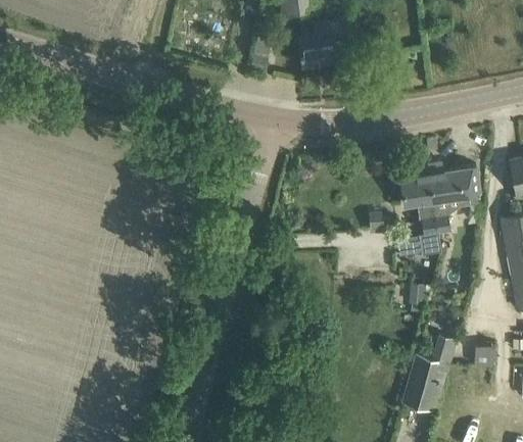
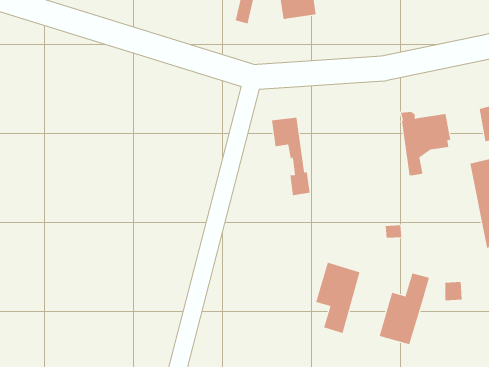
building: [399,175,441,258] -> [271,117,310,196]
building: none -> [315,262,360,334]

